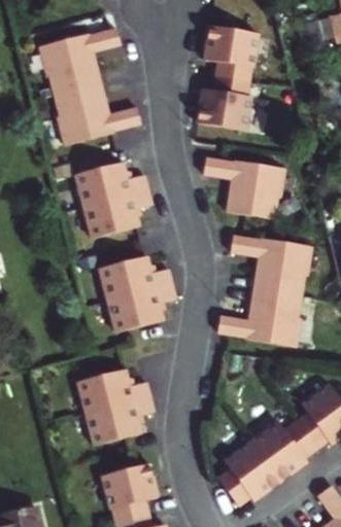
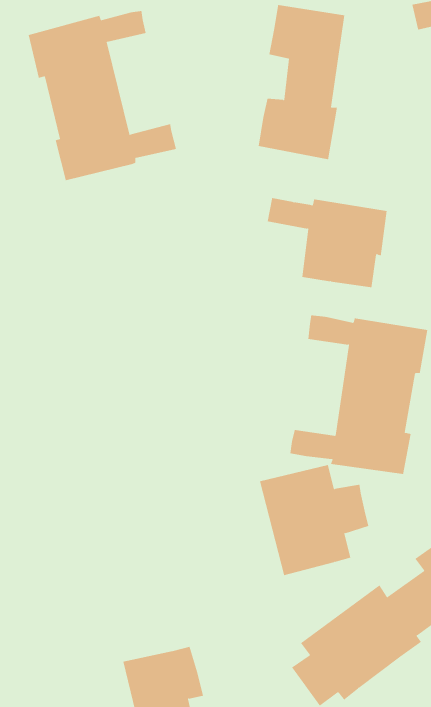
building: [77,162,152,238] -> none
building: [100,255,175,331] -> none
building: [79,368,155,445] -> [259,465,369,576]

